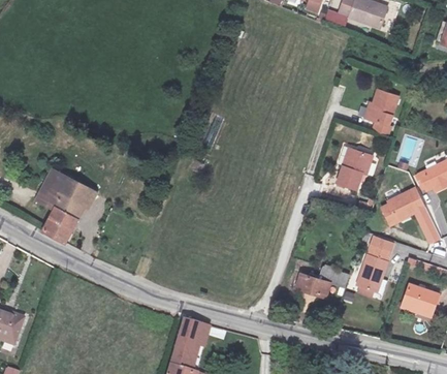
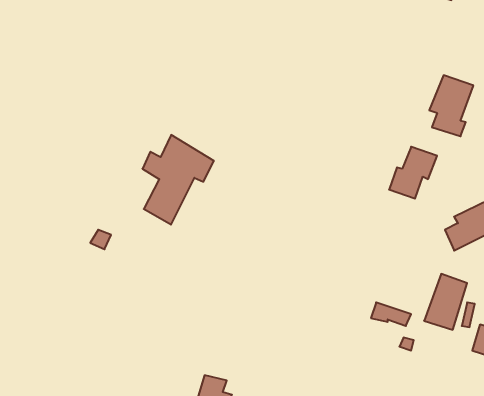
building: [41,176,98,247] -> [142,135,214,225]
building: [297,273,333,297] -> none

